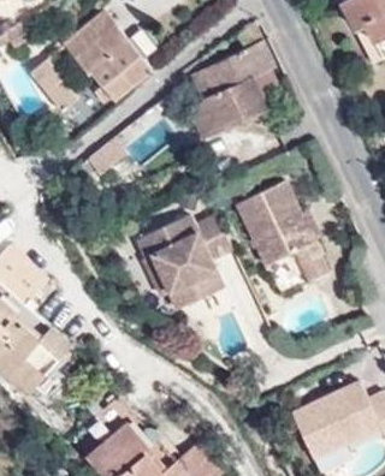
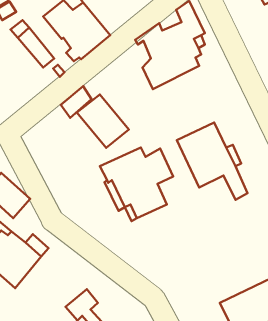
building: none -> [77,95,129,148]

